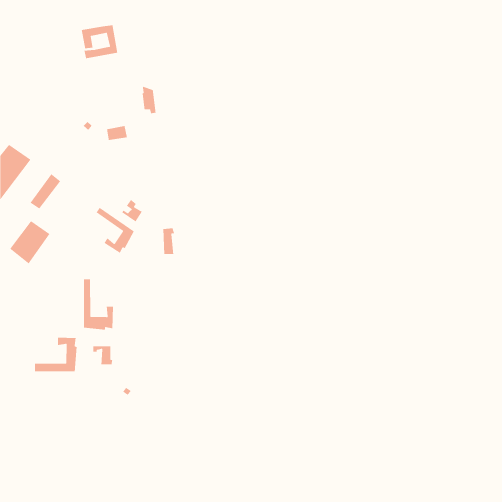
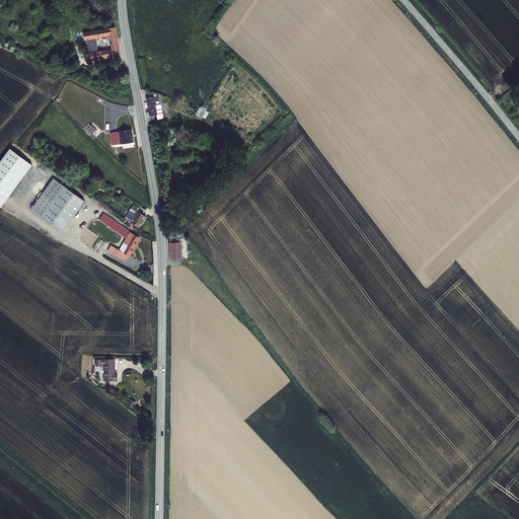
building: [9,220,50,264] -> [41,188,83,233]
building: [83,278,114,331] -> none
building: [34,337,78,372] -> none

